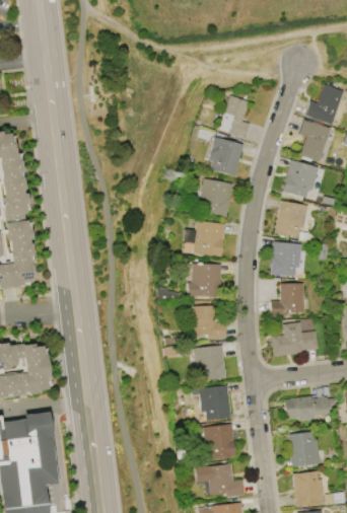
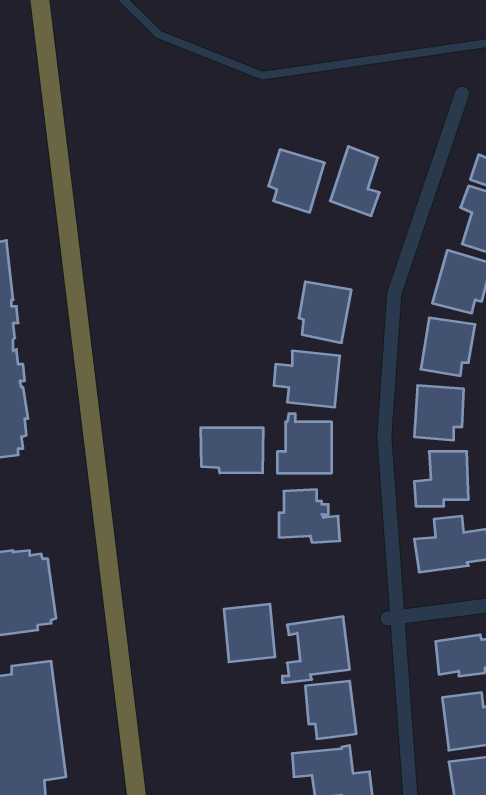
building: [209,137,244,175] -> [268,150,325,212]
building: none -> [201,428,263,473]
building: [194,346,225,381] -> [224,604,275,662]

